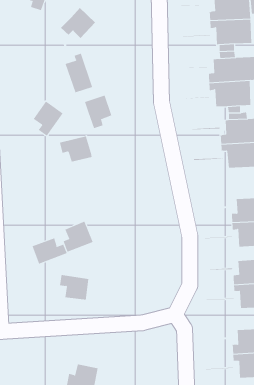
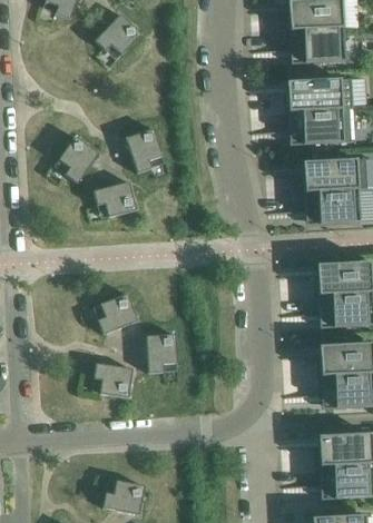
building: [61,34,93,93] -> none
building: [32,238,67,265] -> none
building: none -> [146,333,177,372]

